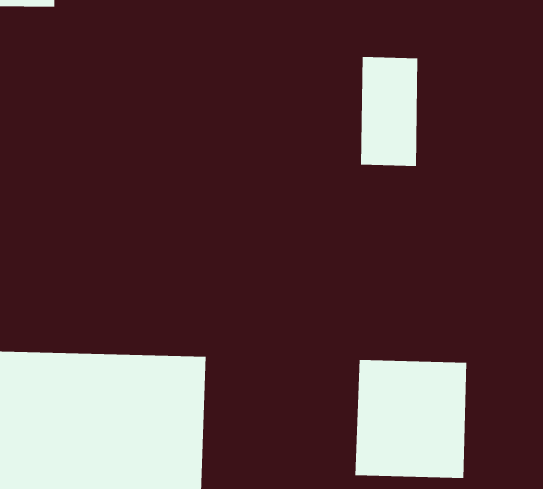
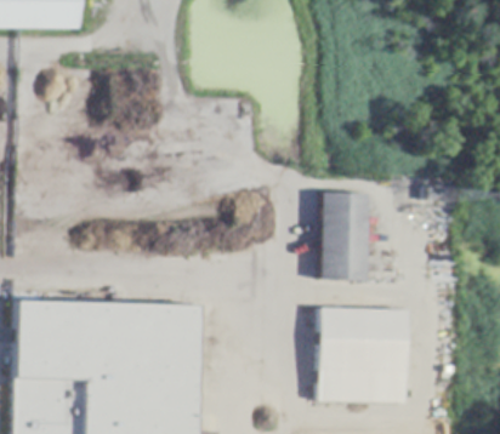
building: [360,57,418,166] -> [322,192,368,279]

